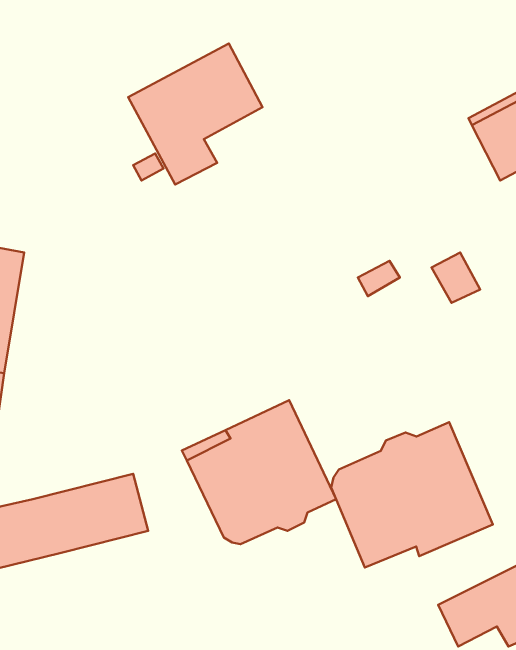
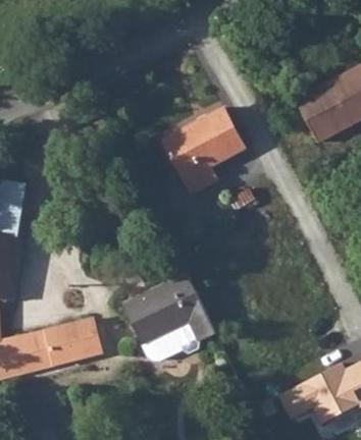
building: [128,44,262,184] -> [162,107,244,193]
building: [331,422,493,567] -> none

